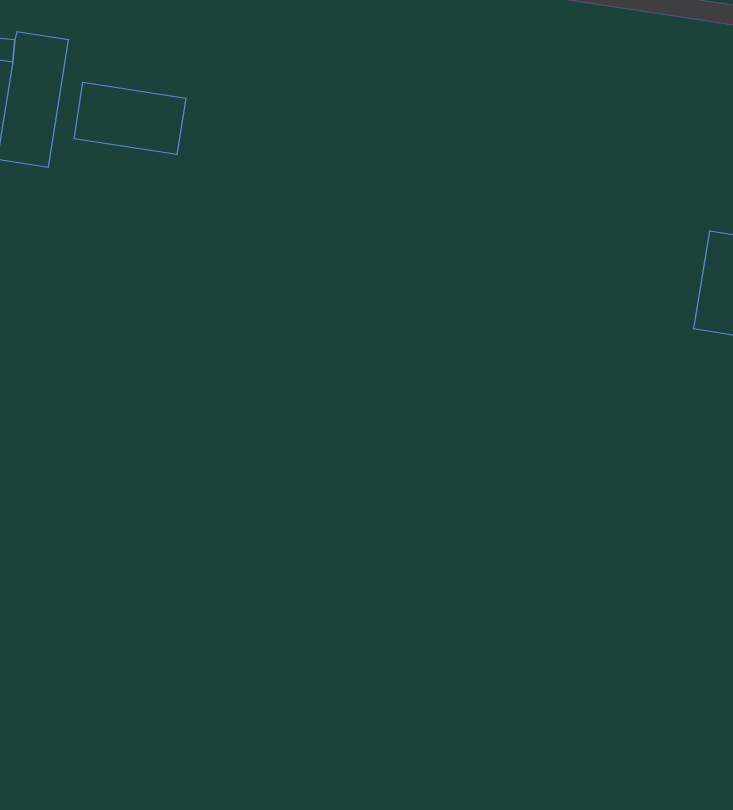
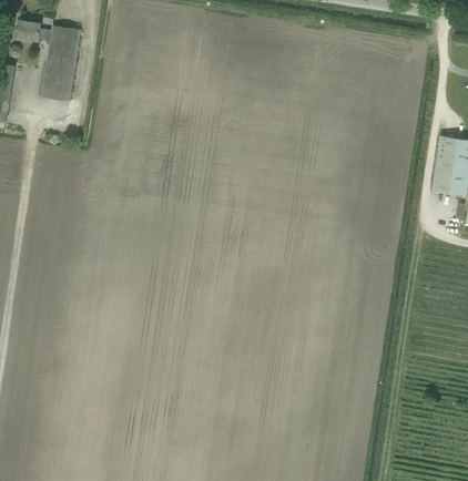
building: [74,82,186,155] -> none

